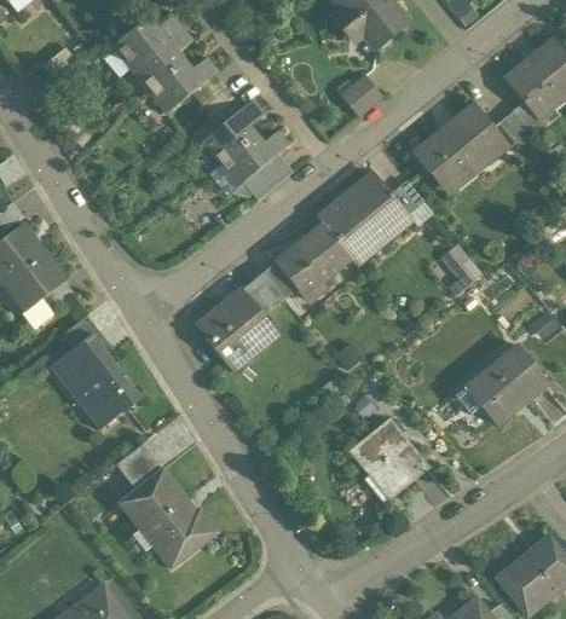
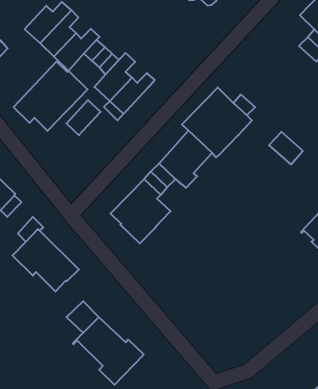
building: [340,75,382,116] -> none
building: none -> [14,62,88,131]
building: [414,104,507,184] -> none
building: [239,152,290,201] -> [66,100,101,135]
building: [351,420,427,492] -> none

